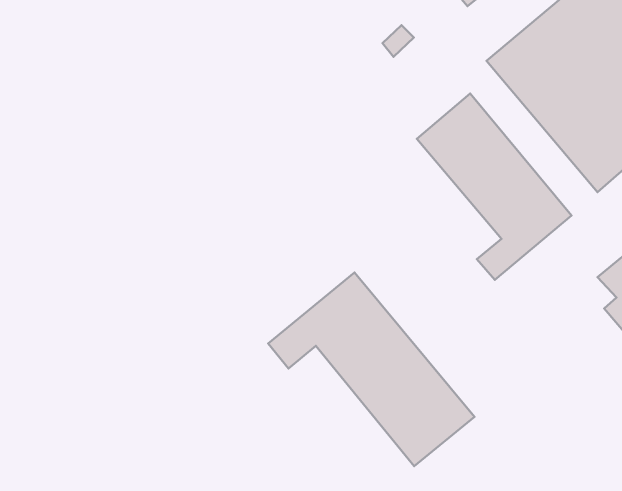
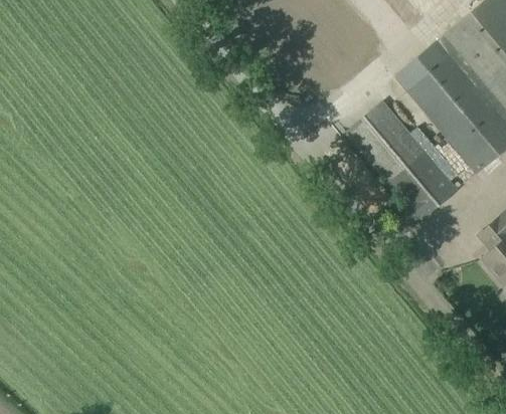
building: [268,272,475,466] -> none

